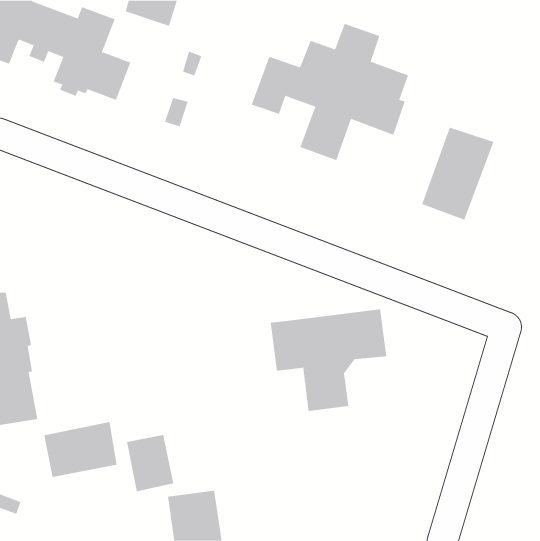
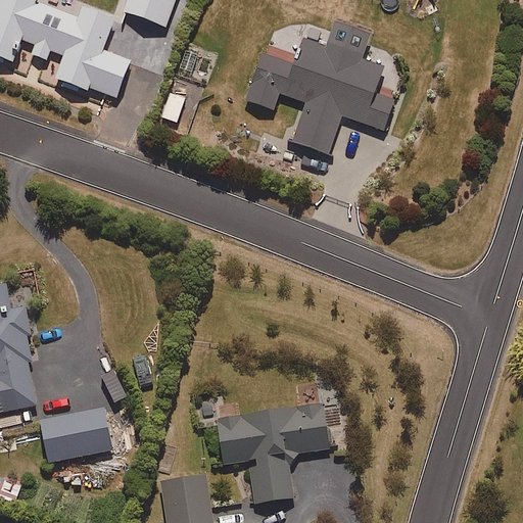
building: [421,127,494,220] -> none
building: [270,309,387,411] -> [218,402,331,502]
building: [127,434,174,492] -> none

